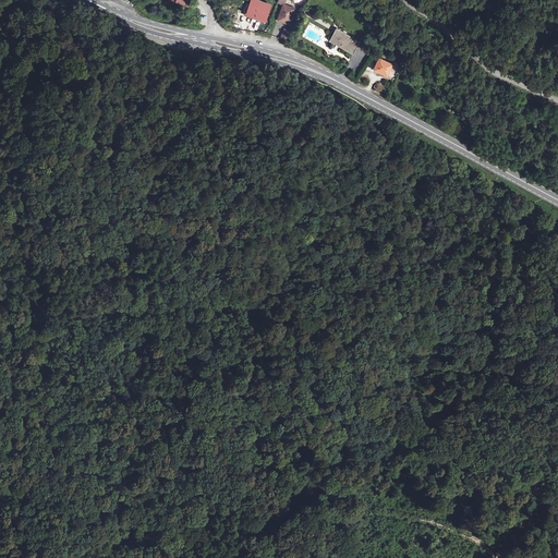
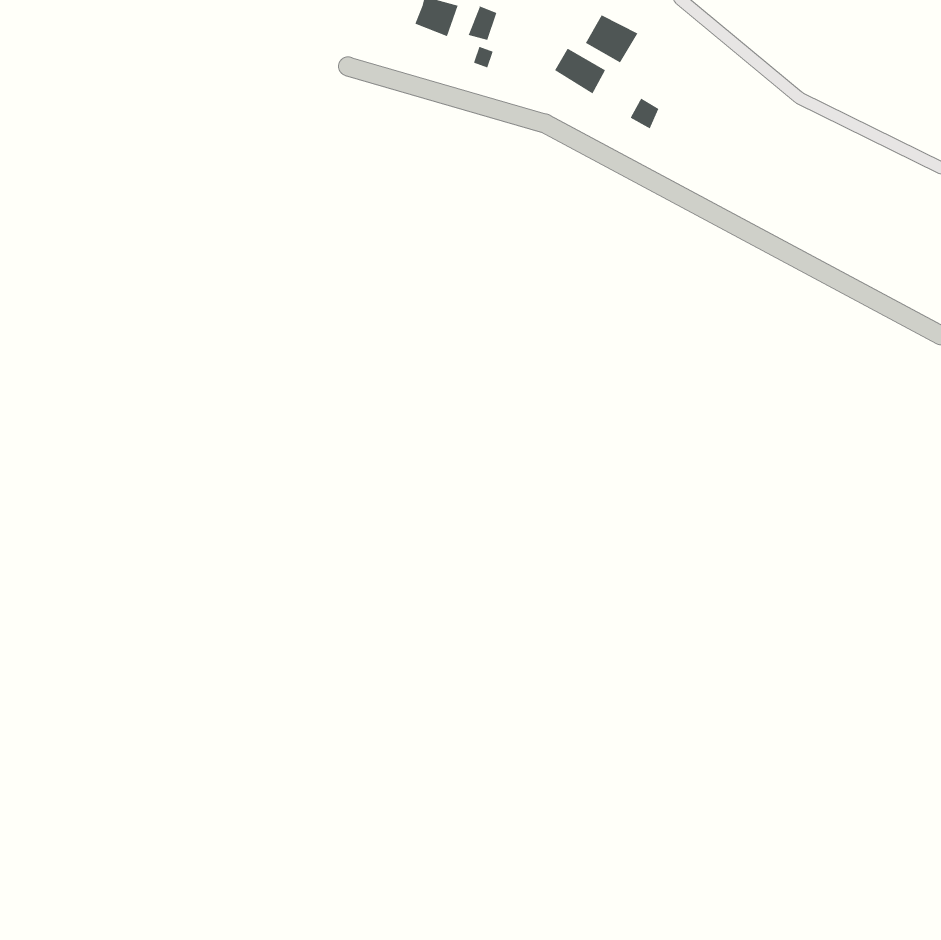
building: none -> [585,15,638,63]

